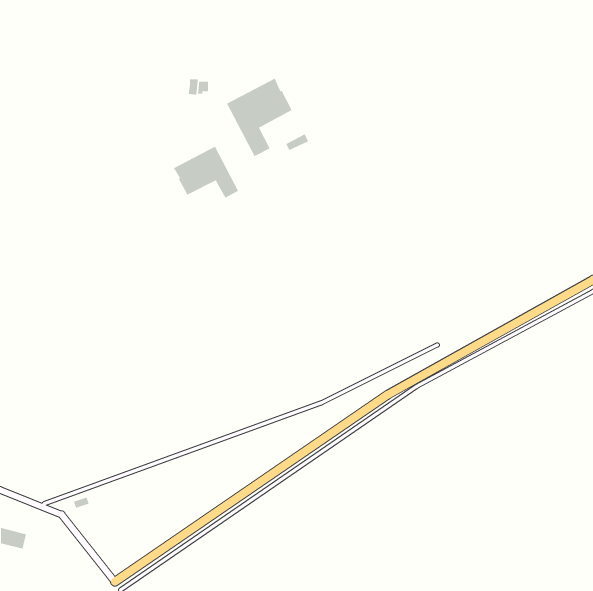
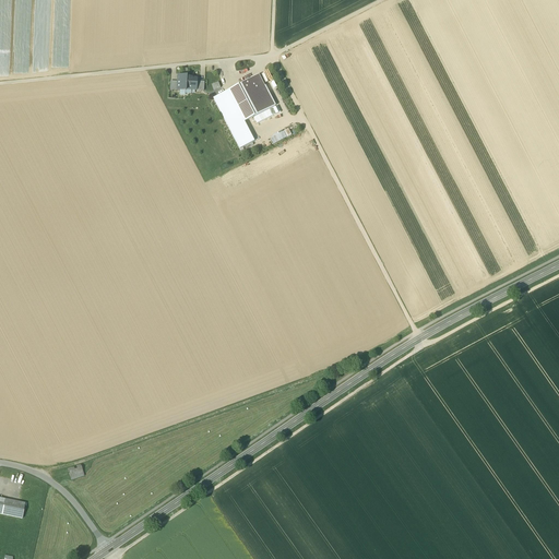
building: [173,146,239,198] -> none

